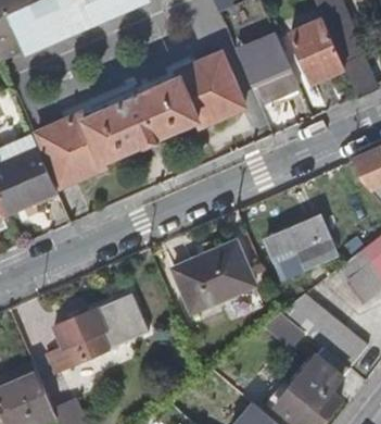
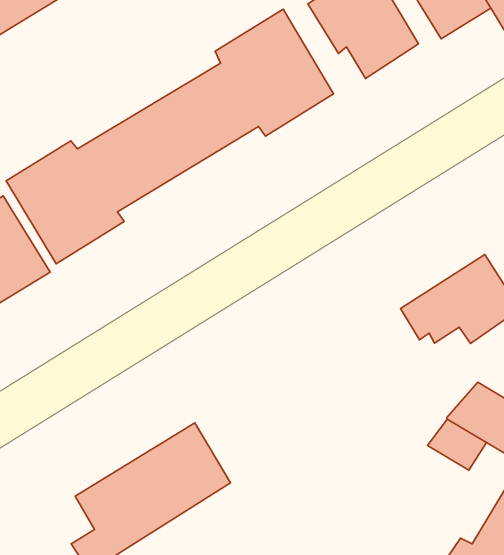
building: [172,240,252,310] -> none

